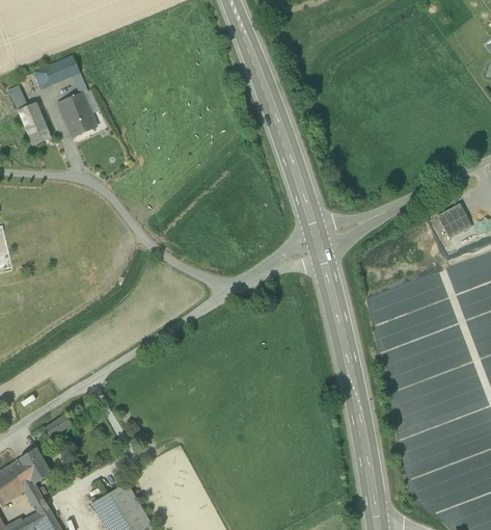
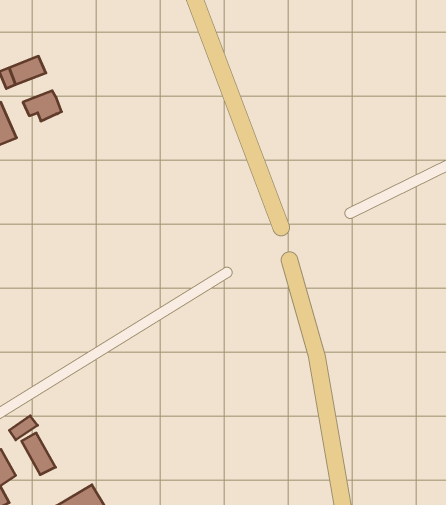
building: [63,113,96,137] -> none
building: [438,204,472,237] -> none
building: none -> [22,433,56,475]

